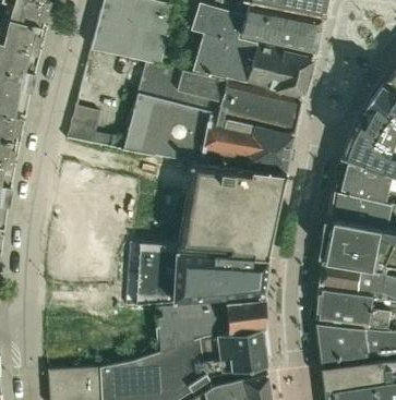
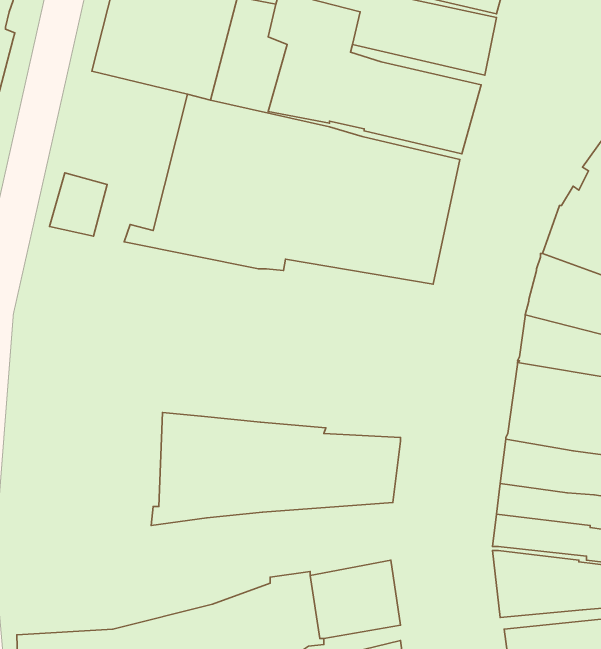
building: [153,163,285,259] -> none
building: [156,299,262,354] -> none

